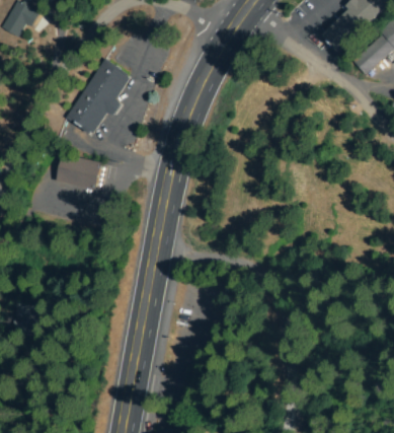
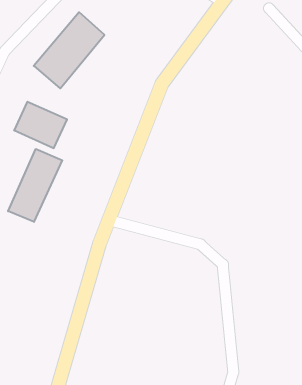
building: none -> [8,149,62,222]

